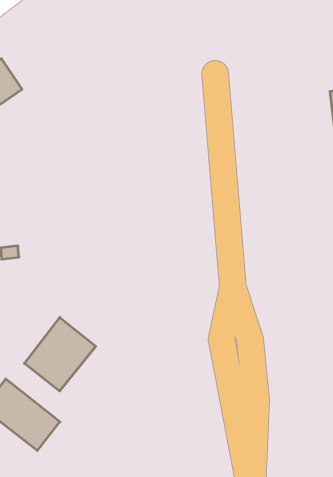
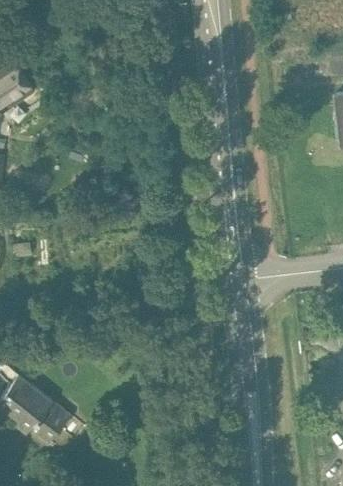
building: [24,317,96,391] -> none

